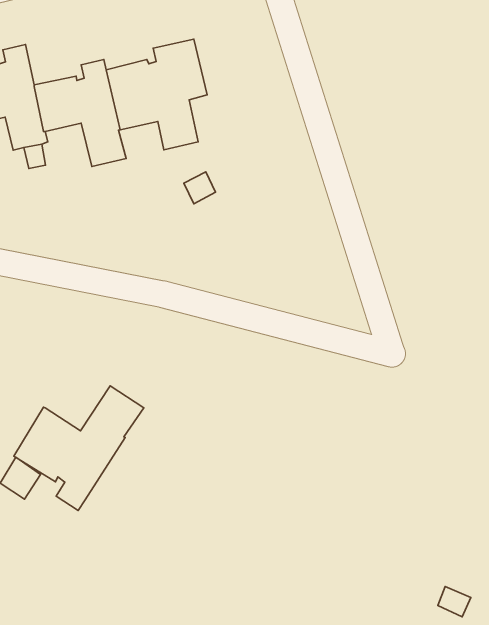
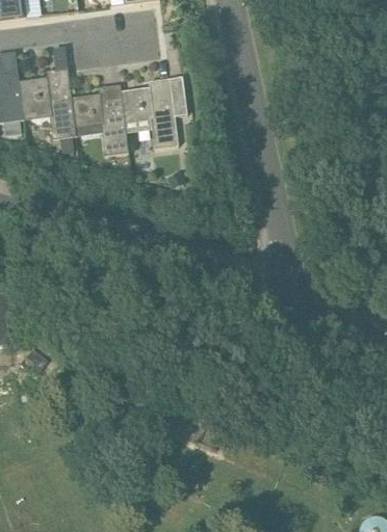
building: [14,386,144,511] -> none

